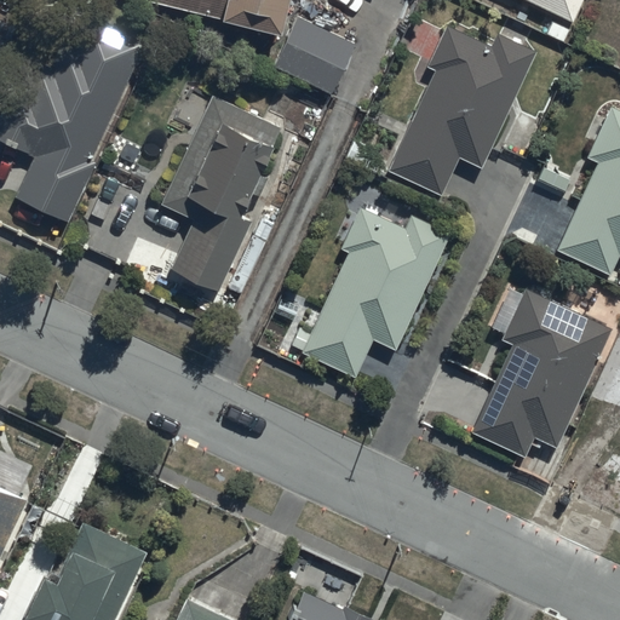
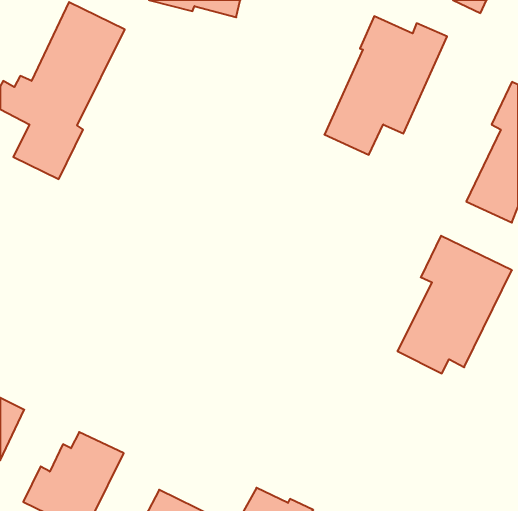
building: [274,18,357,94] -> none
building: [160,103,280,297] -> none
building: [303,208,450,377] -> none

